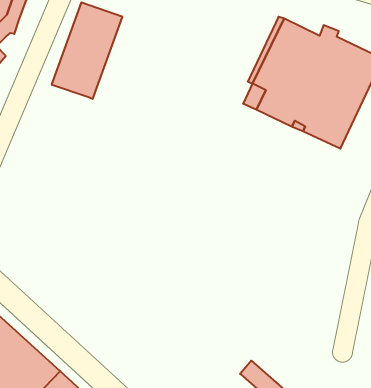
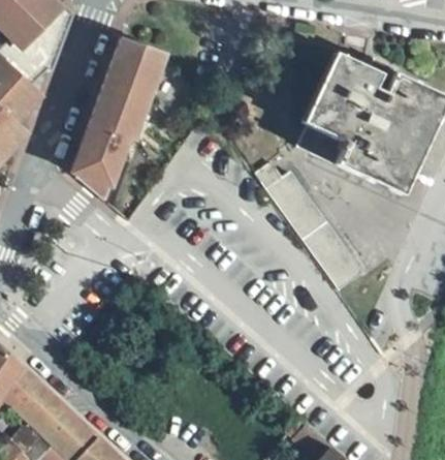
building: none -> [72,126,129,189]
building: none -> [255,162,363,289]

